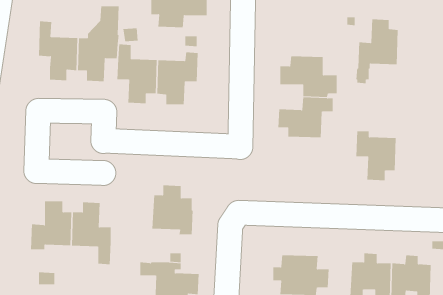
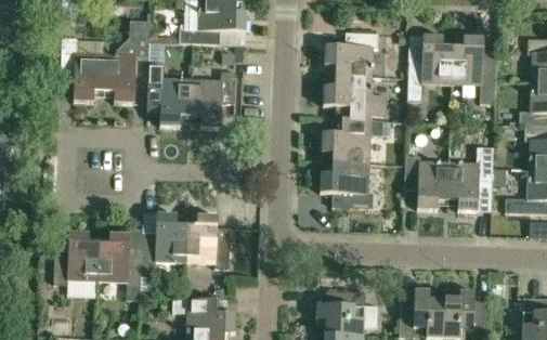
building: none -> [325,32,379,76]
building: none -> [452,37,496,104]
building: none -> [450,159,494,211]
building: none -> [321,162,374,208]
building: none -> [142,213,187,277]

